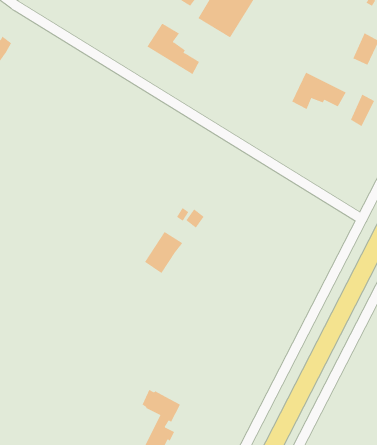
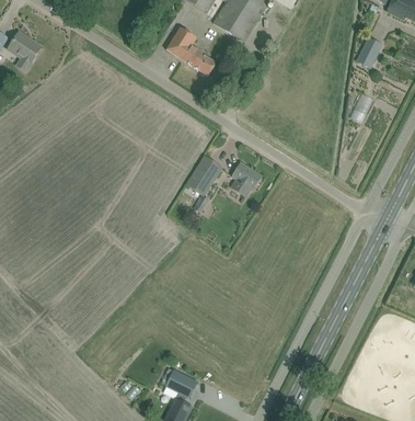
building: [291,72,346,110] -> none
building: none -> [230,162,261,197]
building: [144,231,183,274] -> [186,156,222,195]

